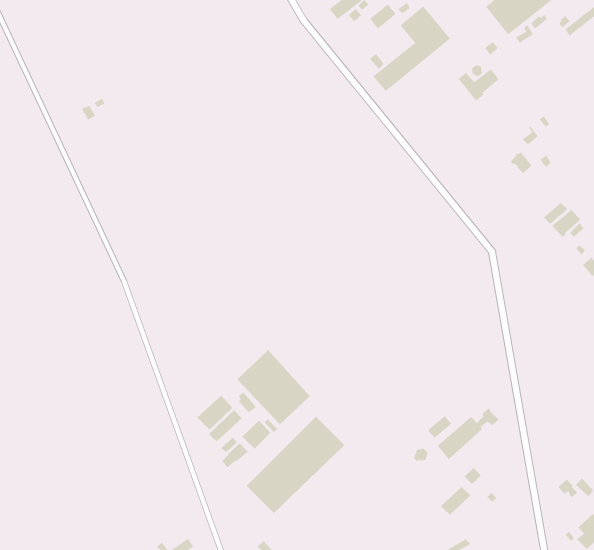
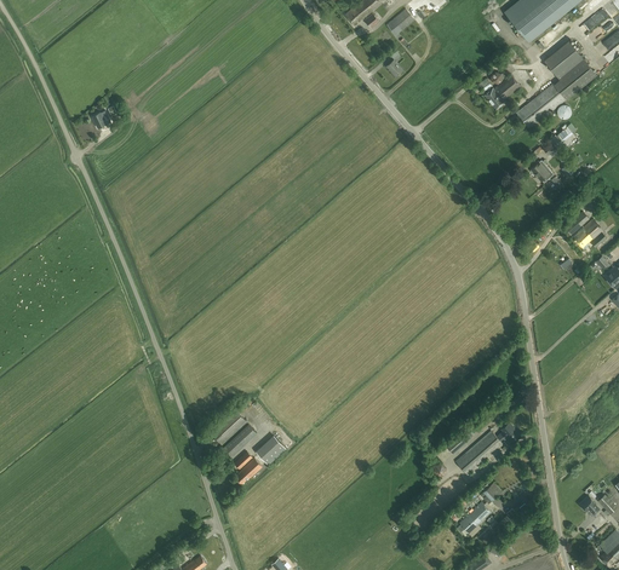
building: [373,5,451,92] -> [516,39,596,127]
building: [236,349,310,425] -> none
building: [246,416,345,514] -> none

